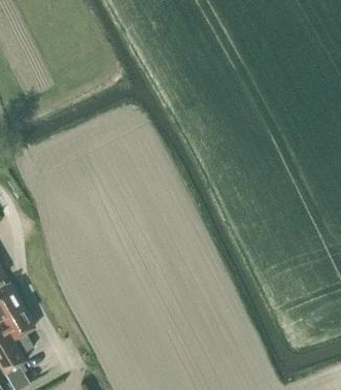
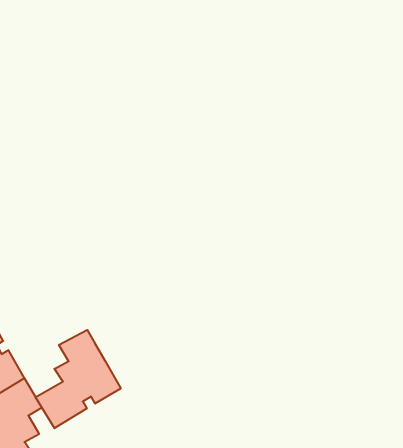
building: none -> [36,330,121,428]

